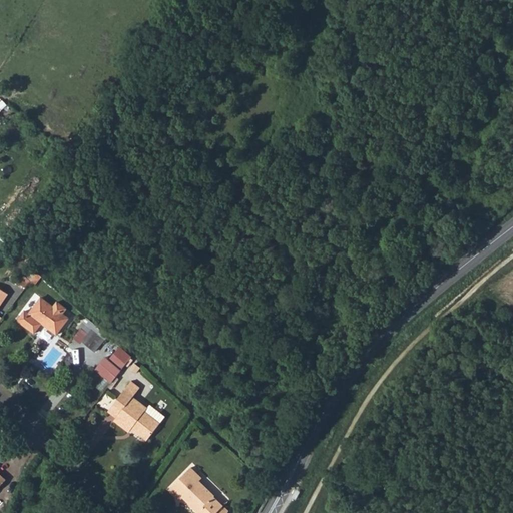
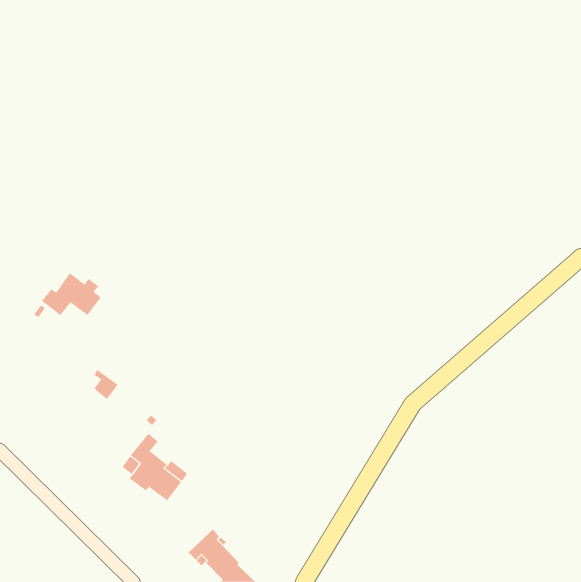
building: [15,297,68,335] -> [41,272,101,316]
building: [96,351,125,381] -> none

